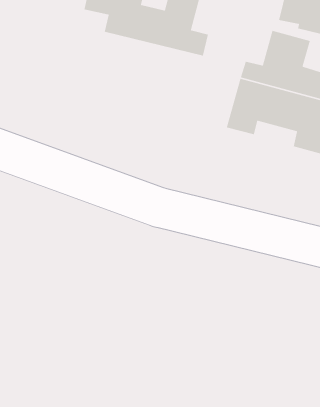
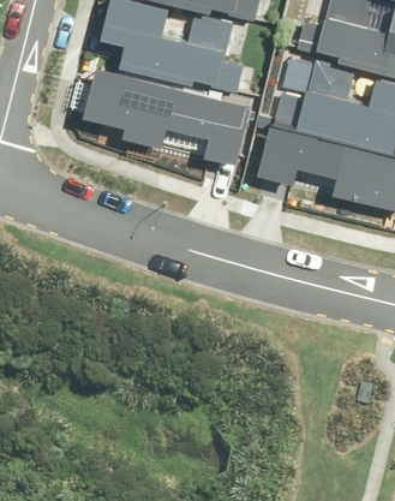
building: none -> [84,68,247,165]

